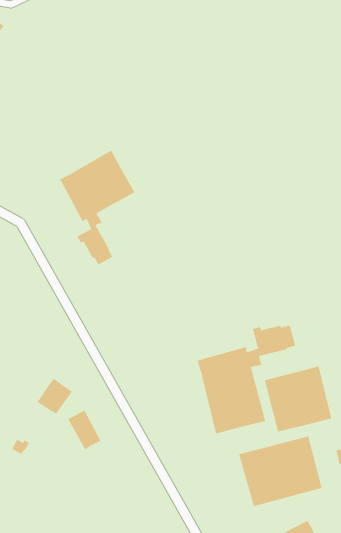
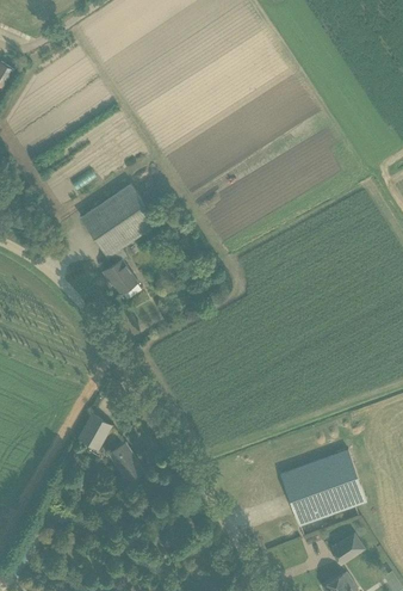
building: [197,325,296,435] -> none
building: [264,366,332,433] -> none

